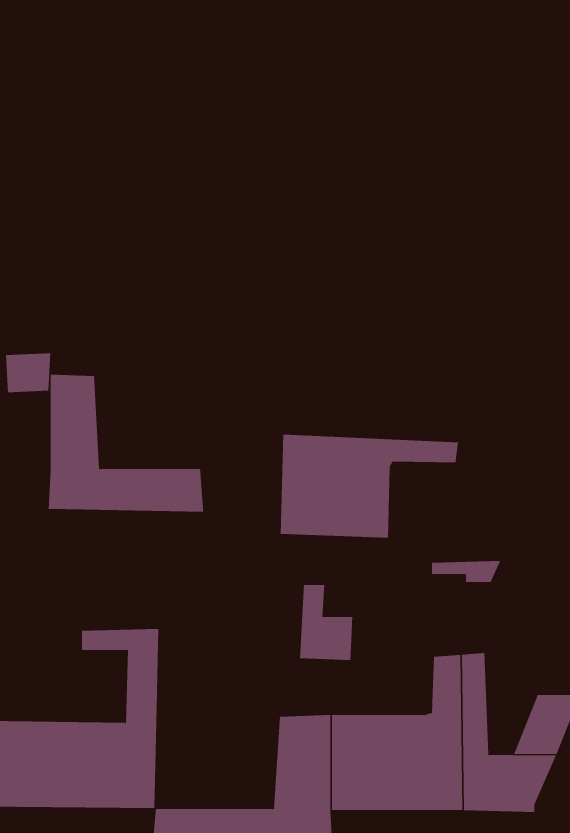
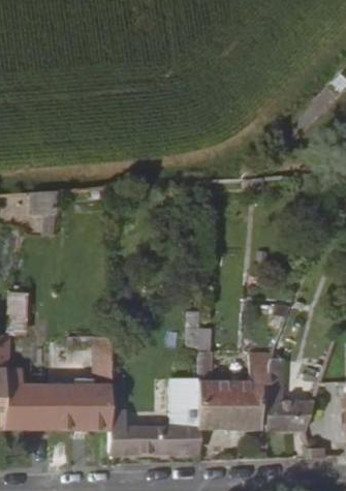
building: [48,374,204,513] -> none
building: [280,434,459,539] -> none

